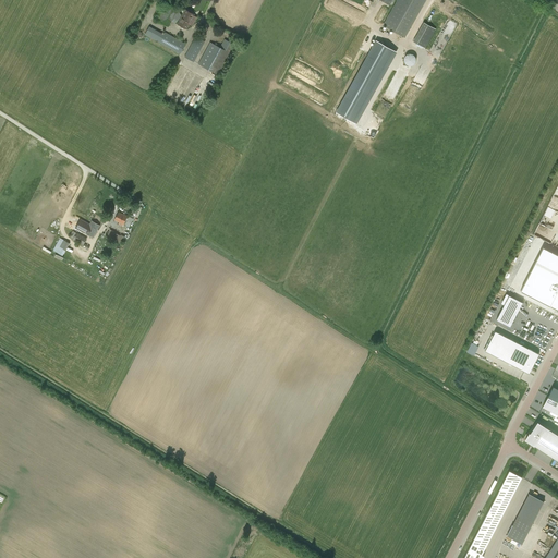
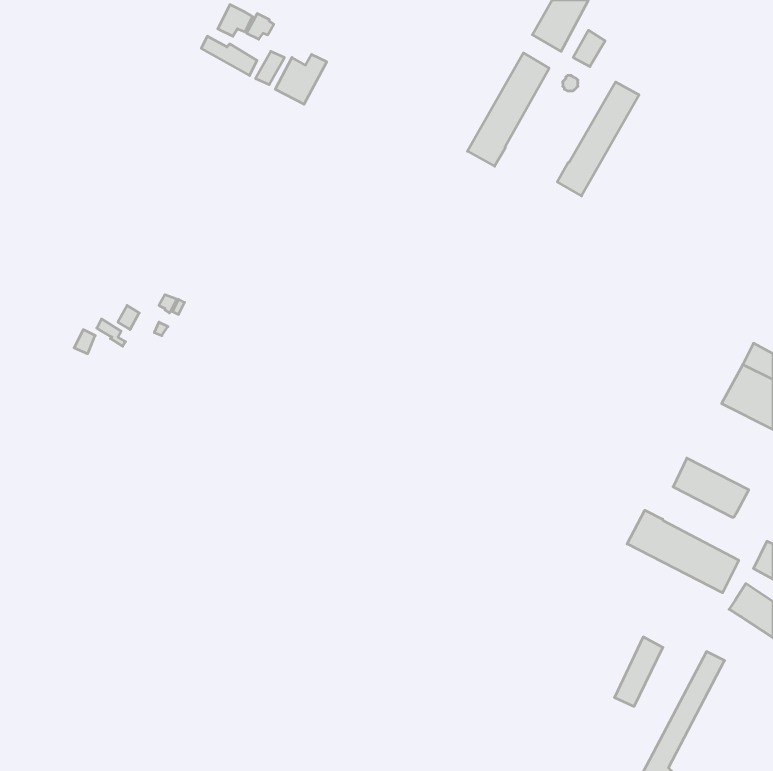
building: none -> [557,82,639,196]
building: [496,295,523,328] -> none
building: none -> [627,510,739,593]
building: [507,494,542,544] -> [614,637,663,706]

